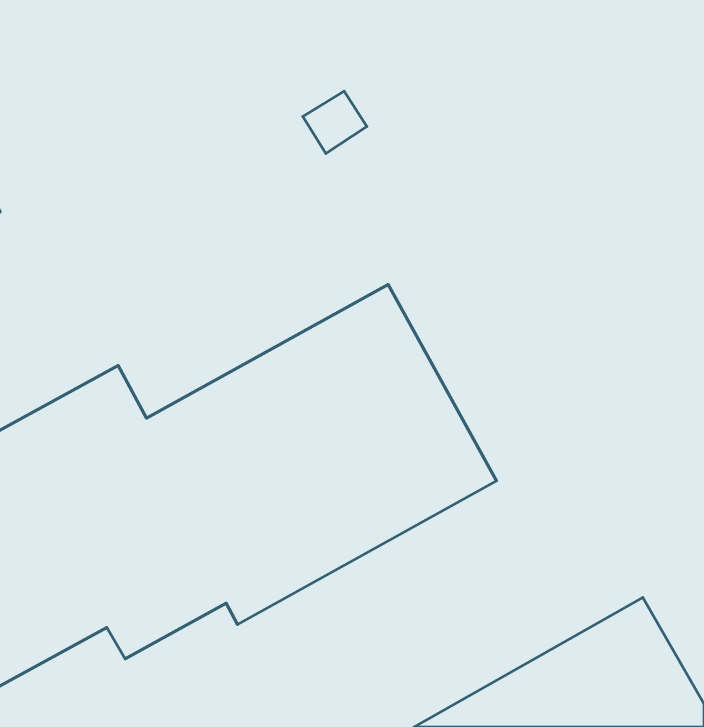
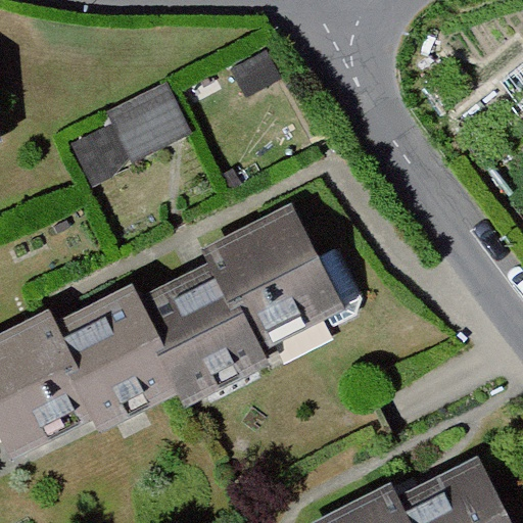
building: none -> [97,92,185,172]

